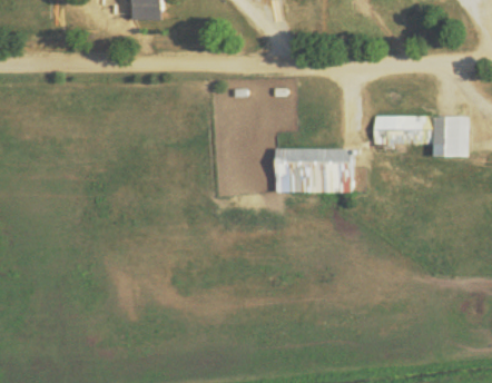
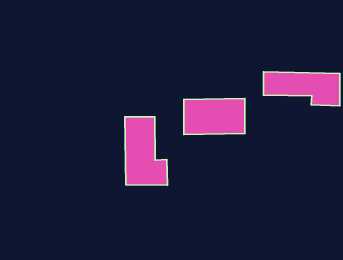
building: none -> [125,117,168,185]

